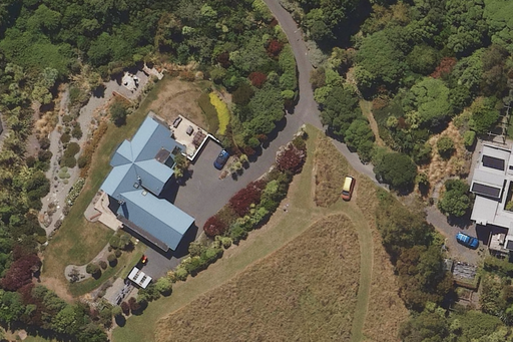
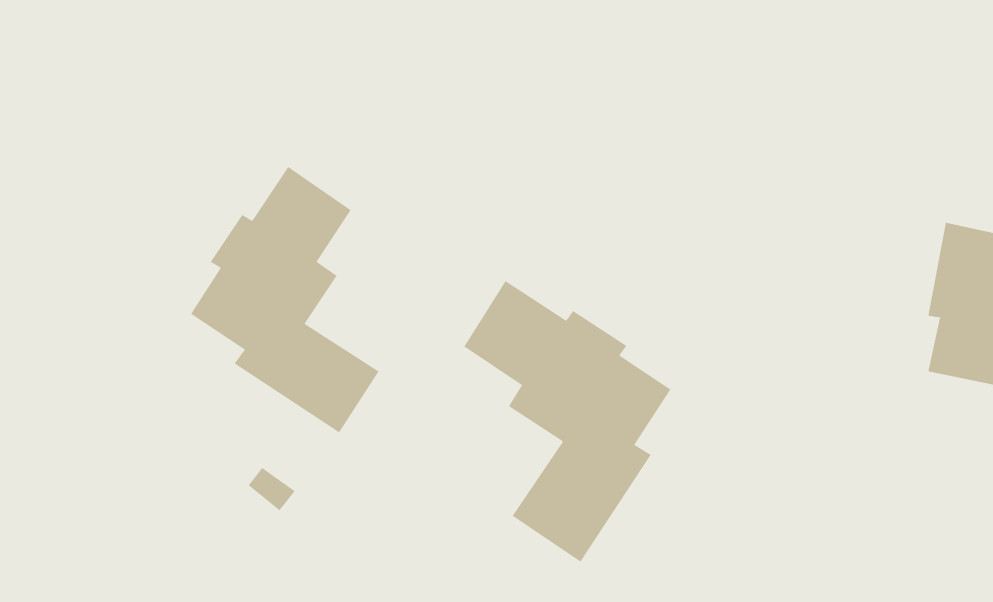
building: none -> [463,280,671,562]

